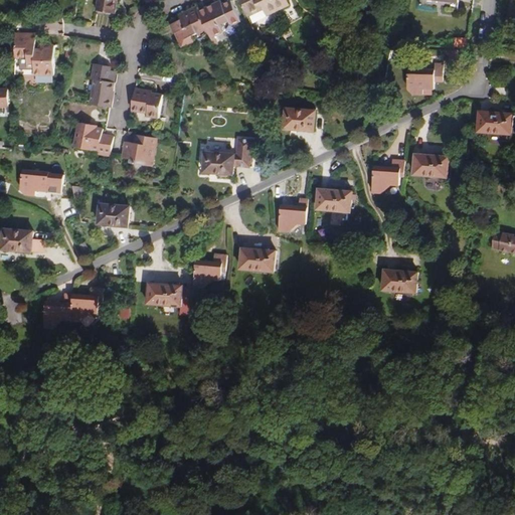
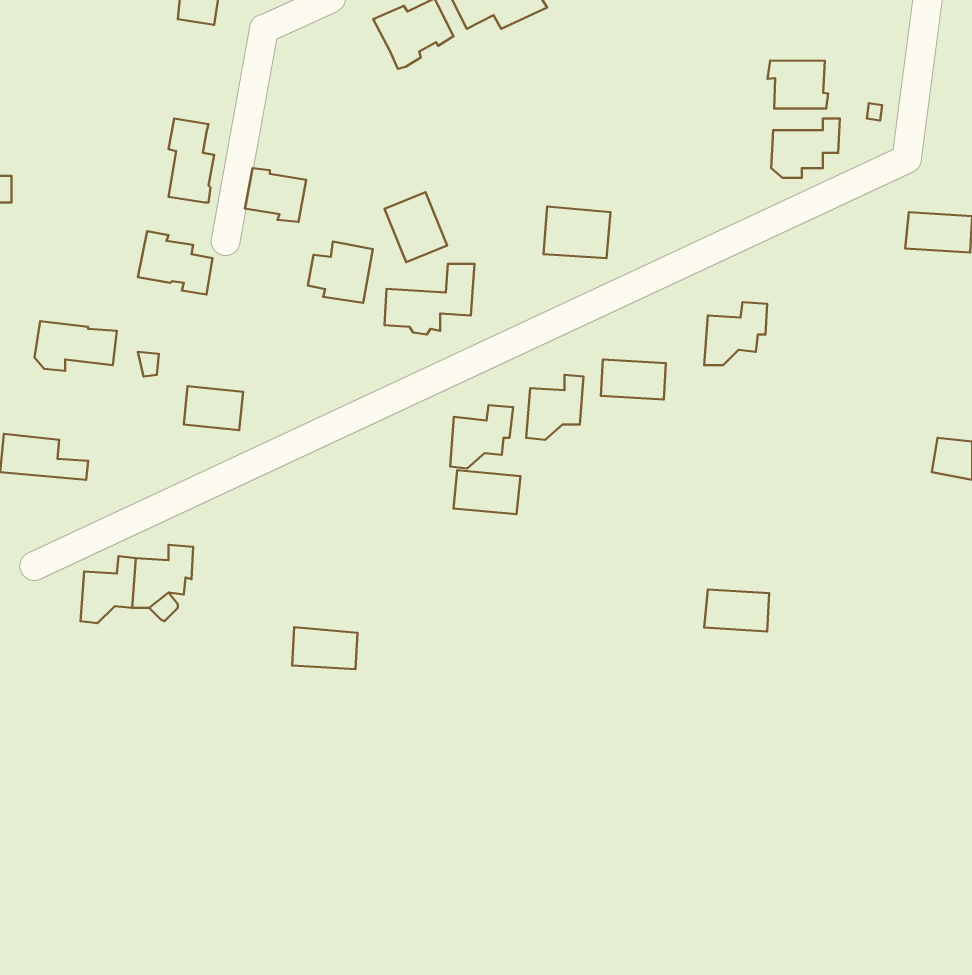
building: [169,6,205,46] -> none
building: none -> [768,60,828,109]
building: [13,33,53,73] -> none
building: none -> [384,192,447,262]
building: [121,134,155,166] -> [308,242,373,303]
building: [412,154,447,176] -> none
building: [192,253,225,287] -> [450,405,513,468]
building: [381,270,415,292] -> [704,589,769,631]
building: [146,283,180,305] -> [292,627,357,669]

